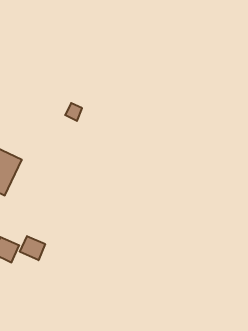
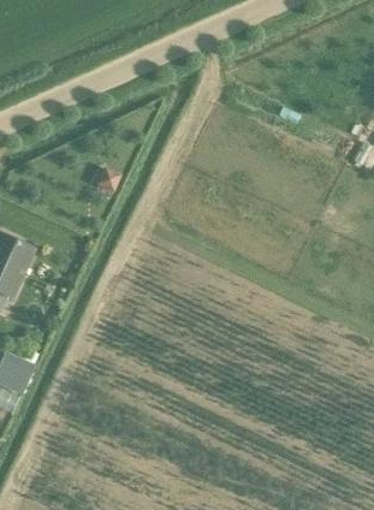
building: [20,236,45,260] -> none

